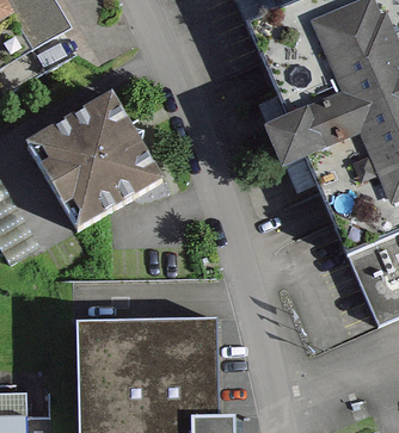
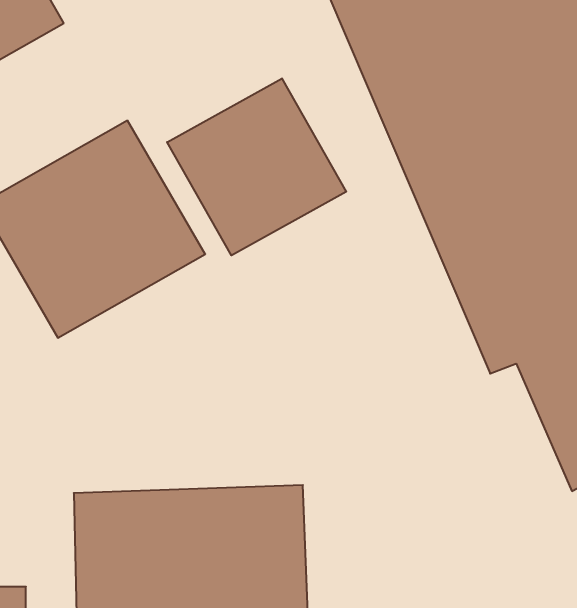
building: none -> [167,78,346,255]

